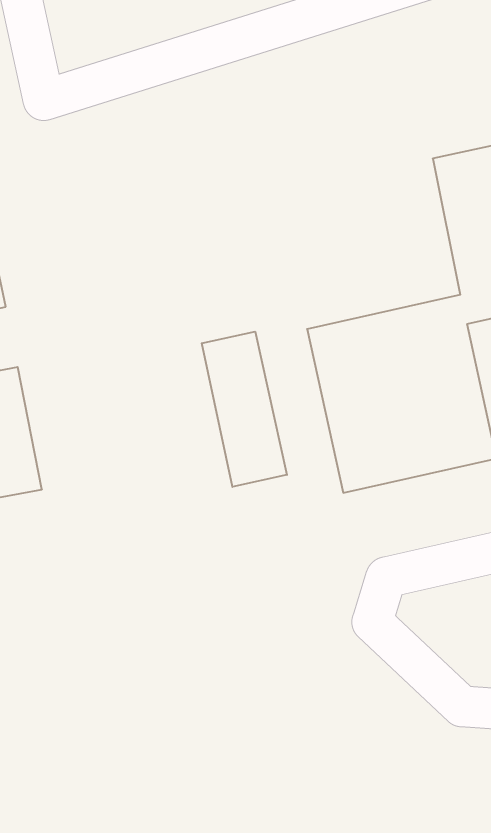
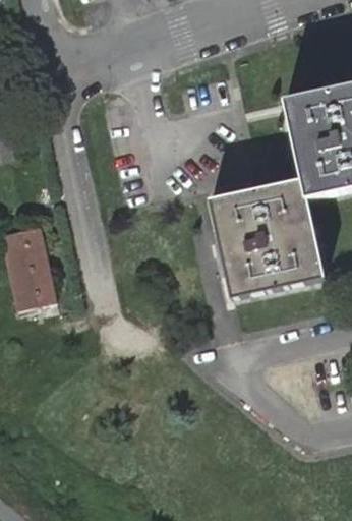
building: [202,332,287,487] -> none

